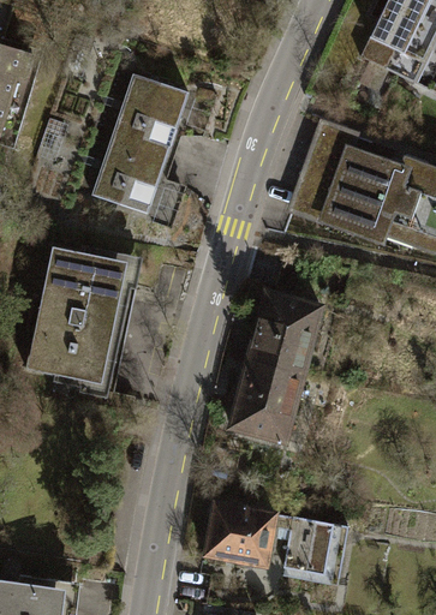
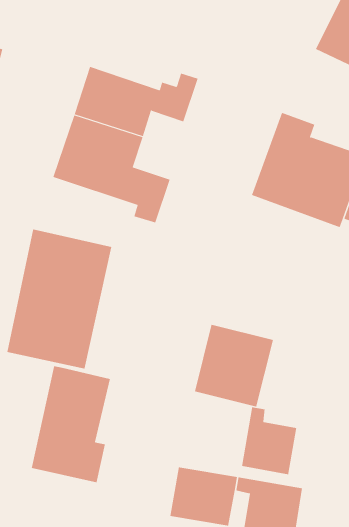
building: [249,277,335,366] -> none
building: none -> [31,365,110,483]
building: none -> [242,406,297,475]

